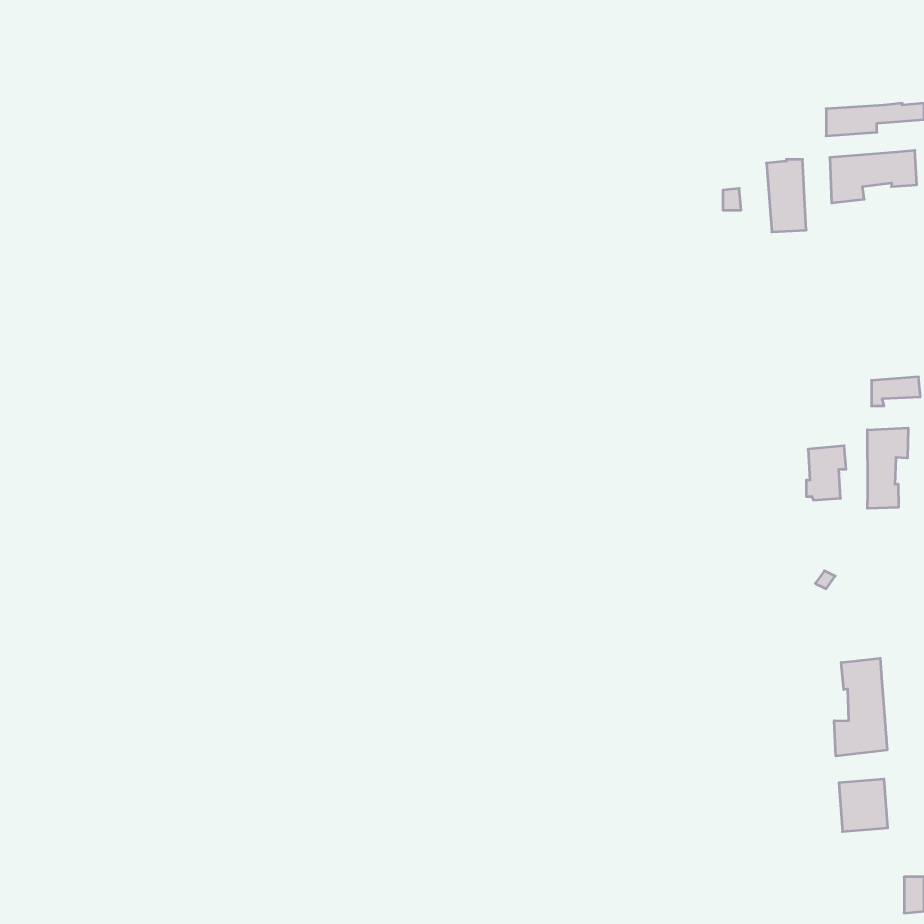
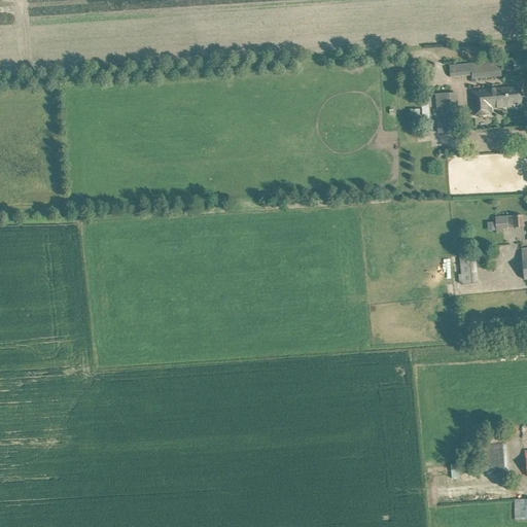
building: [867,428,908,508] -> none
building: [834,658,887,756] -> none

